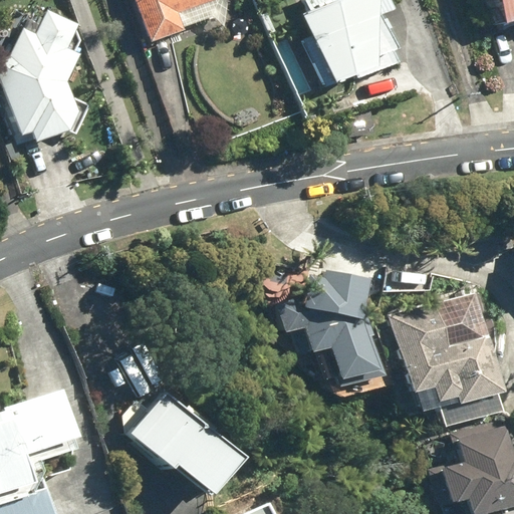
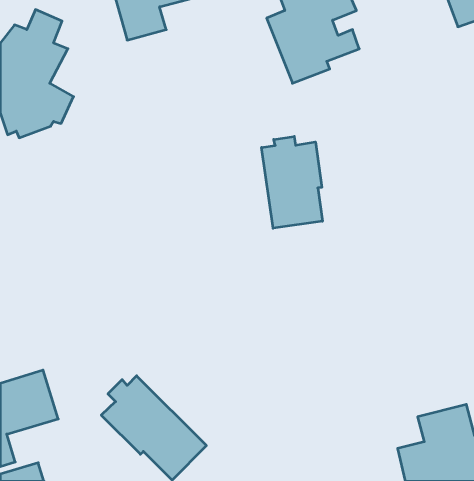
building: none -> [262,136,322,228]
building: [283,265,388,384] -> none
building: [396,294,500,406] -> none

